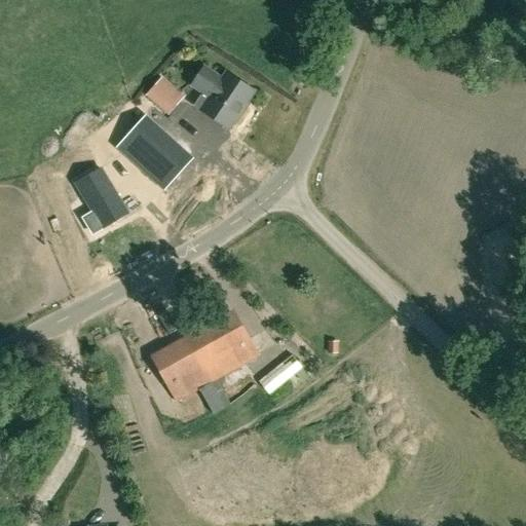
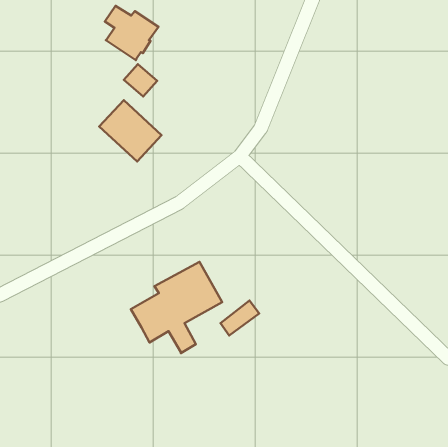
building: [191,64,254,127] -> [105,6,159,60]
building: [74,168,127,228] -> none

